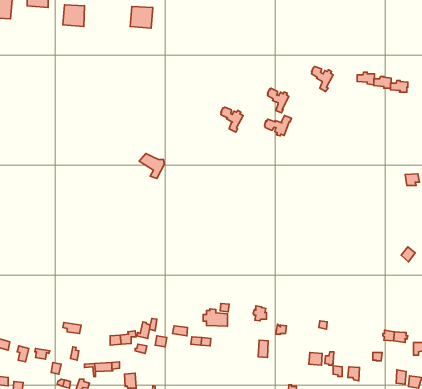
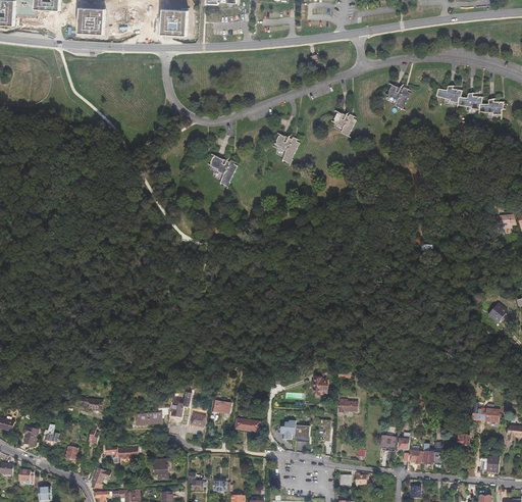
building: [265,116,292,136] -> none
building: [139,154,164,179] -> [204,154,234,185]
building: [203,309,227,326] -> [279,418,309,440]

